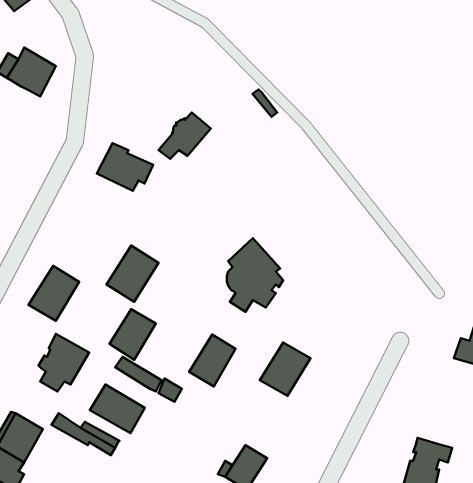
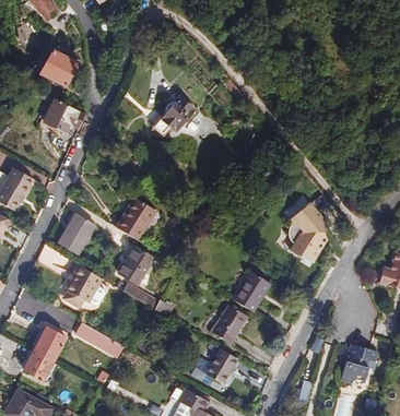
building: [97,143,153,191] -> [42,98,84,134]
building: [227,238,283,312] -> [287,202,330,258]
building: [189,334,235,386] -> [211,304,246,343]
building: [90,385,145,433] -> none

